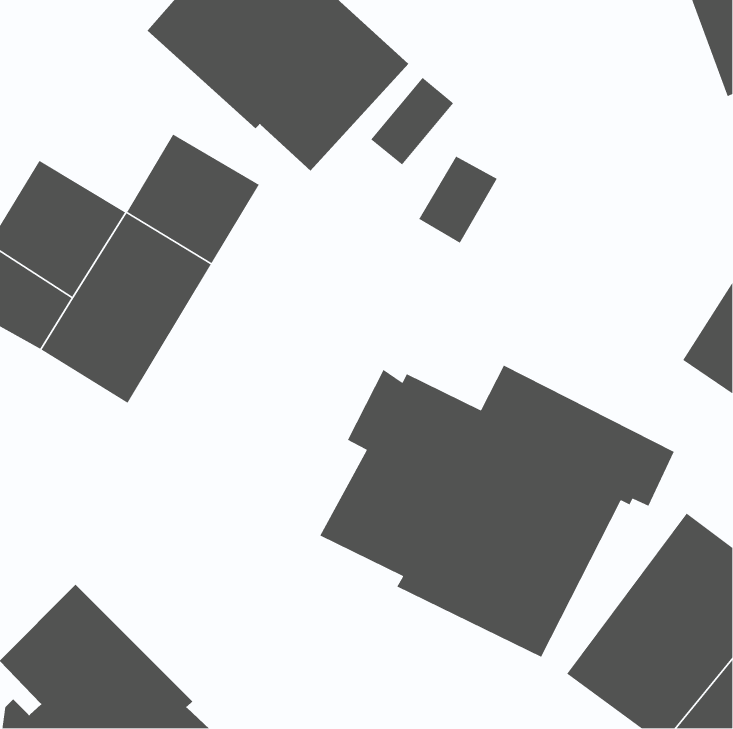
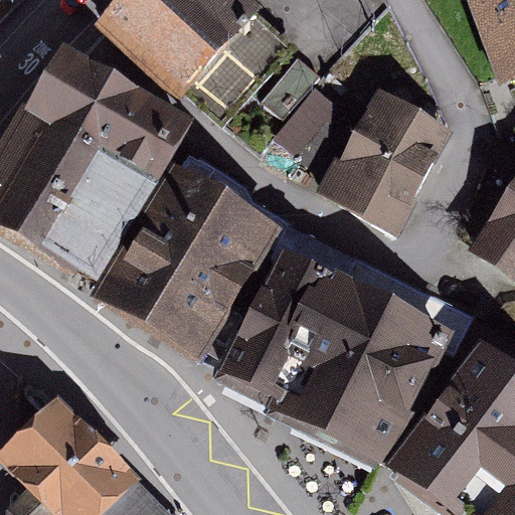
building: none -> [27,58,120,147]
building: none -> [319,96,439,228]
building: none -> [98,154,288,354]

